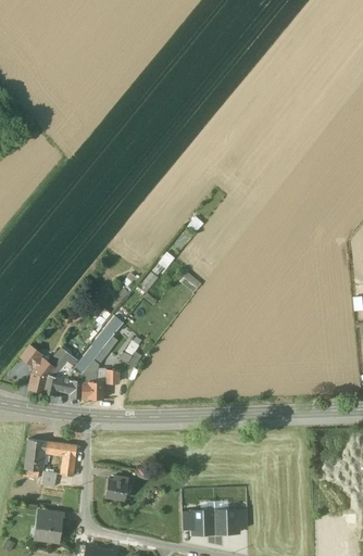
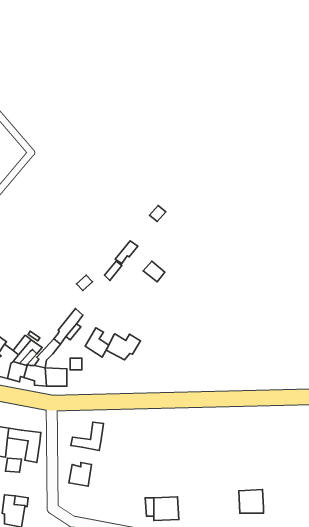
building: none -> [106,334,141,360]
building: none -> [71,422,103,450]
building: [214,509,239,533] -> [239,490,264,513]

